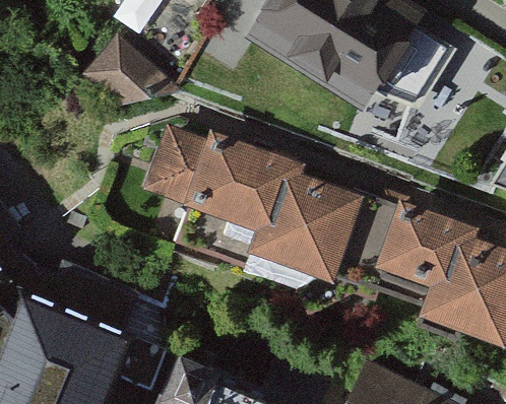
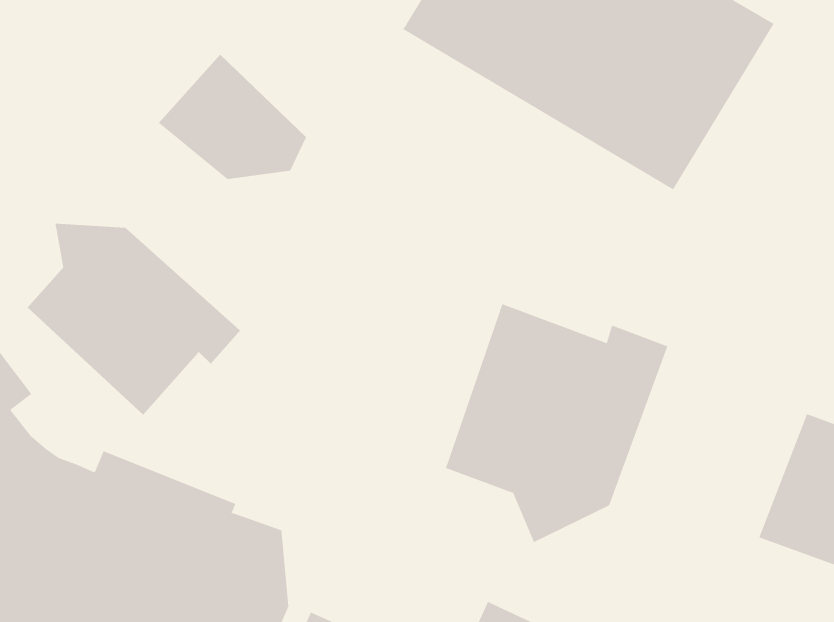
building: [145,119,295,273] -> none
building: none -> [27,223,241,415]
building: [354,203,469,313] -> none

